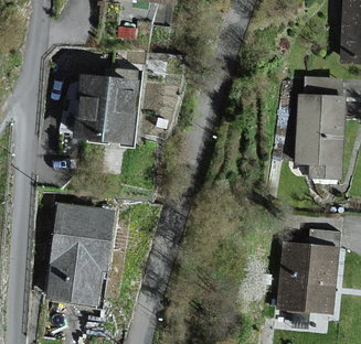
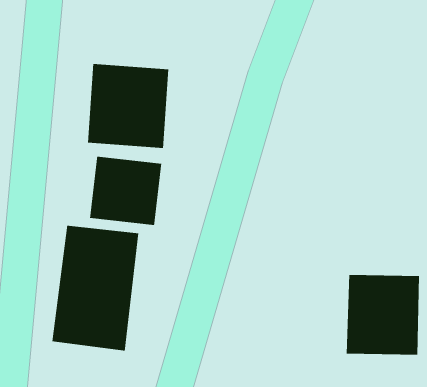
building: [297,97,340,179] -> none
building: none -> [90,156,162,226]

